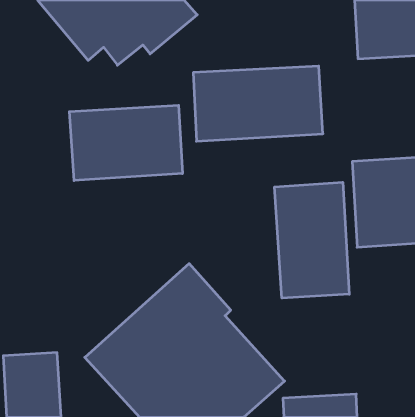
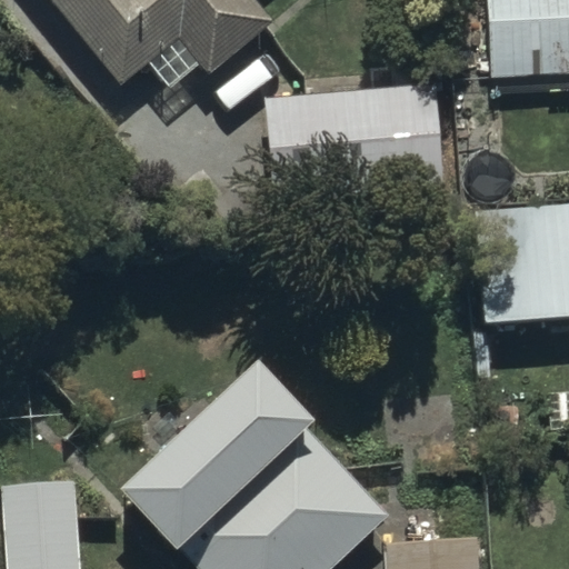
building: [69,105,182,181] -> none
building: [275,182,349,298] -> none

